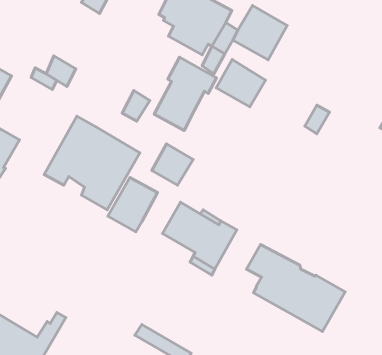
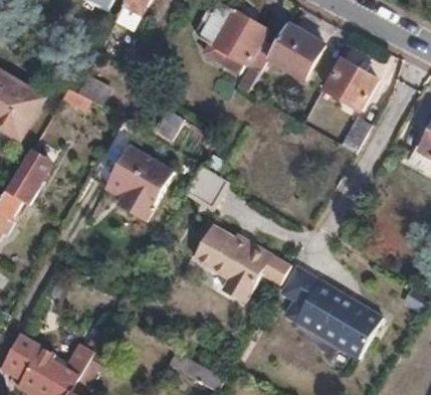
building: [154,57,217,130] -> none
building: [216,59,266,107] -> [327,61,377,110]
building: [108,177,158,232] -> none

